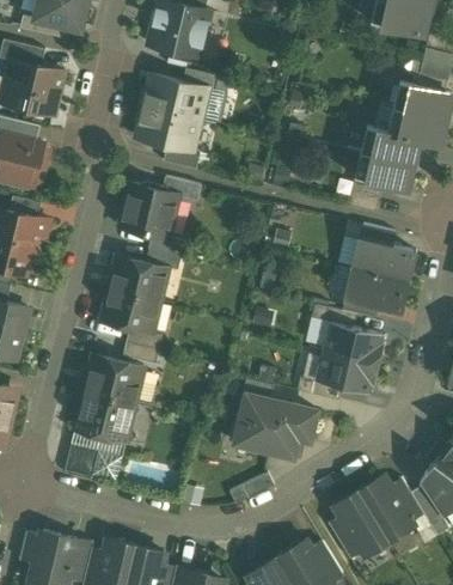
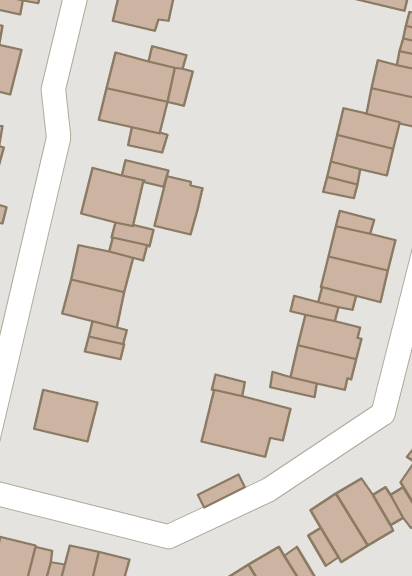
building: none -> [154,176,203,234]
building: [84,354,145,404] -> none
building: [65,443,99,477] -> none

